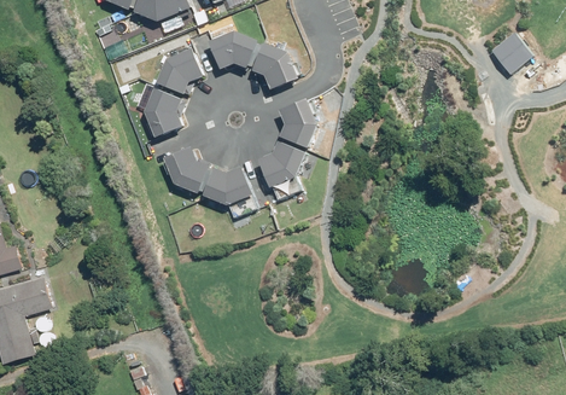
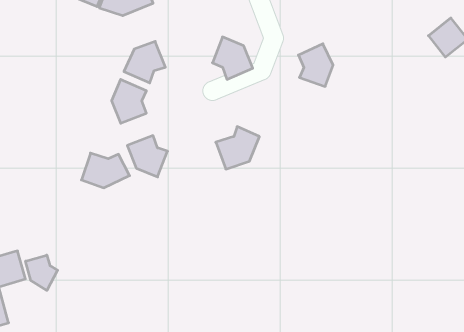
building: [209,31,257,69] -> none
building: [279,100,316,146] -> [298,44,333,86]
building: [200,168,252,205] -> [81,153,130,188]
building: none -> [26,255,58,290]

